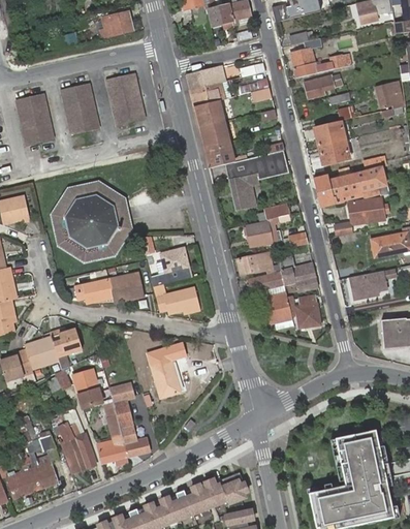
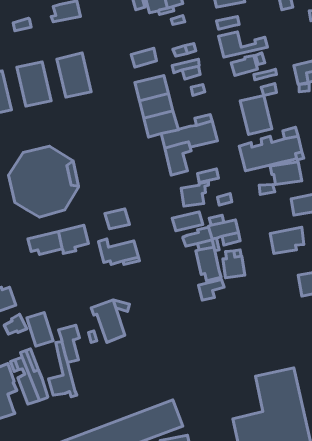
building: [190,82,227,106] -> none
building: [50,326,83,369] -> none
building: none -> [199,279,224,300]
building: [118,422,149,457] -> none

